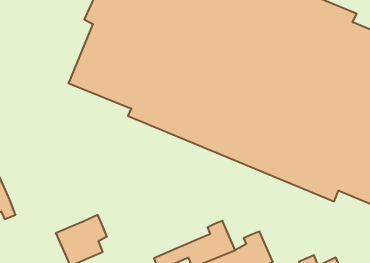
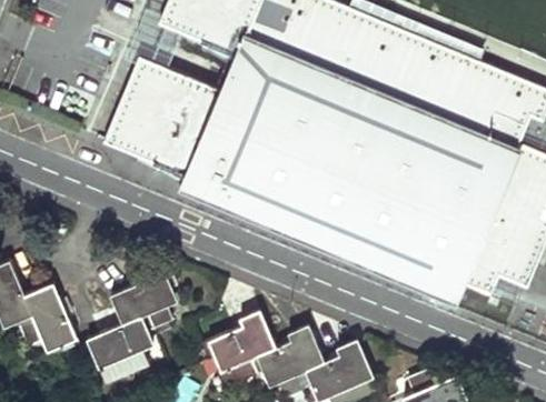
building: none -> [109,272,178,332]
building: none -> [18,284,79,353]
building: none -> [200,310,275,372]

